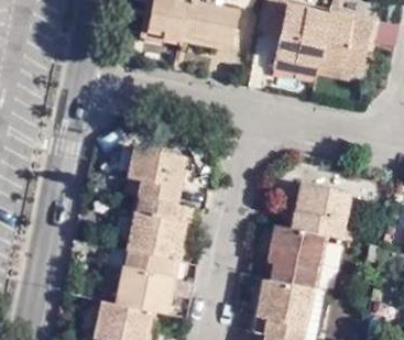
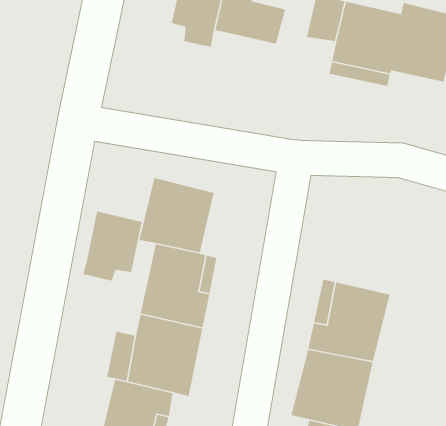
building: none -> [82,210,142,281]
building: [291,177,349,233] -> none

